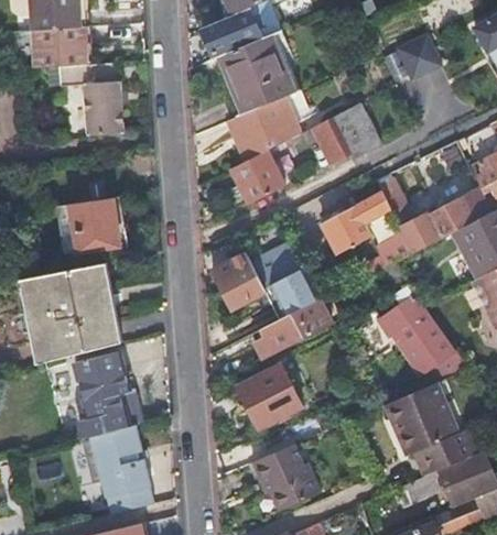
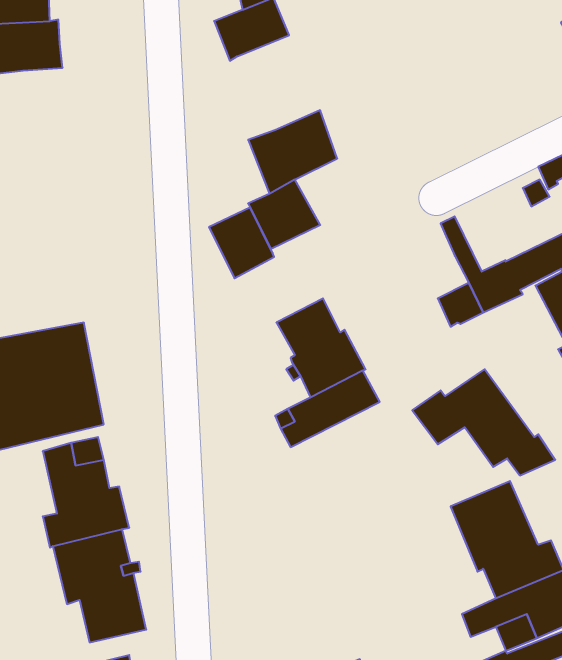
building: [222,34,299,112] -> none
building: [401,35,444,79] -> none
building: [55,63,122,134] -> none
building: [312,103,381,164] -> none
building: [324,193,391,253] -> none
building: [69,195,133,248] -> none
building: [214,254,264,309] -> [209,207,274,278]
building: [238,367,302,429] -> none
building: [247,448,316,515] -> none

